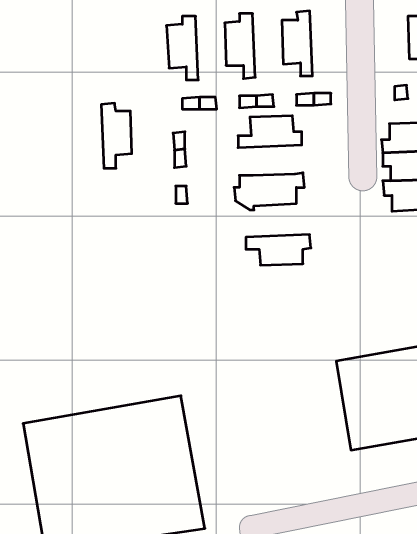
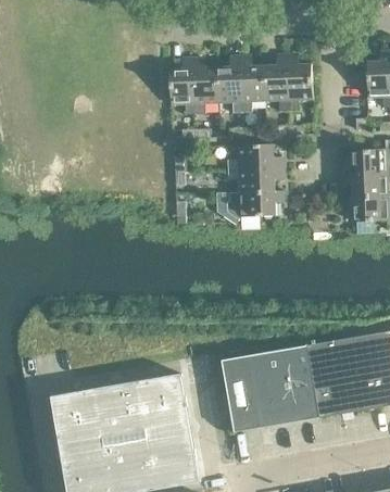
building: none -> [286,58,312,111]
building: none -> [239,60,264,112]
building: [101,103,132,168] -> [192,61,217,114]
building: [246,235,311,265] -> [227,167,280,192]
building: none -> [222,344,319,431]

